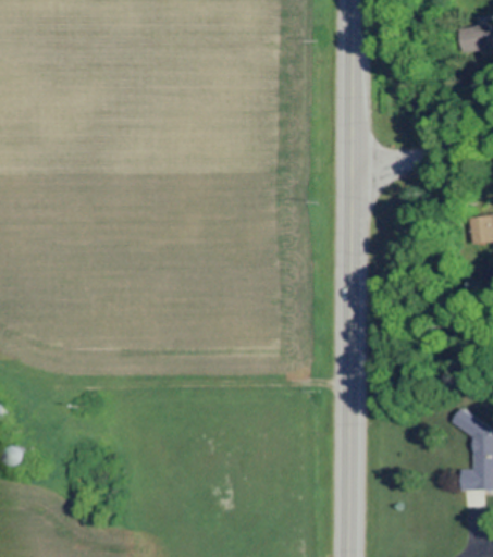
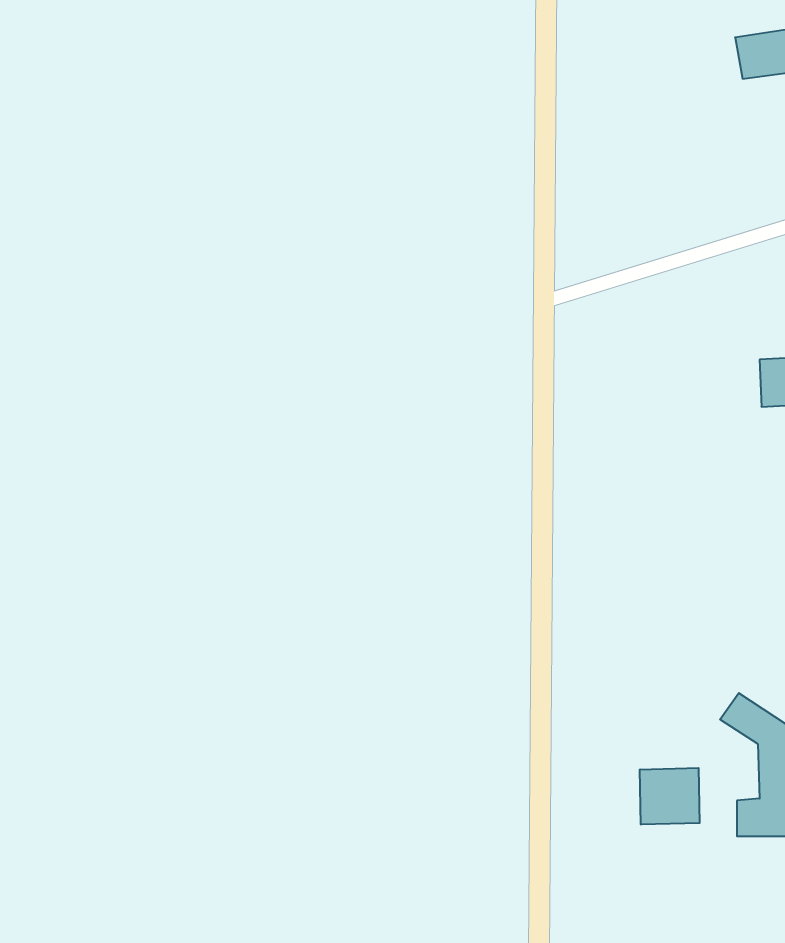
building: none -> [640,768,700,825]

